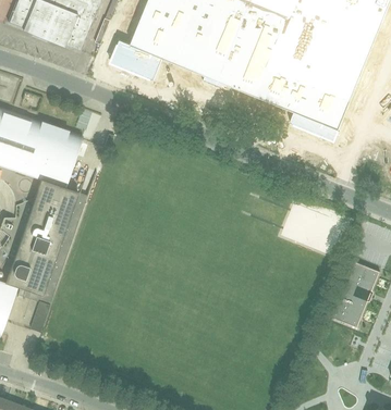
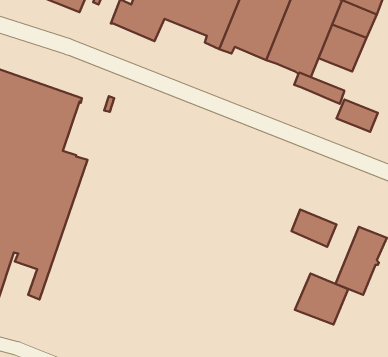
building: [306,97,346,128] -> [337,99,378,132]
building: none -> [292,210,336,247]
building: none -> [295,273,348,325]

